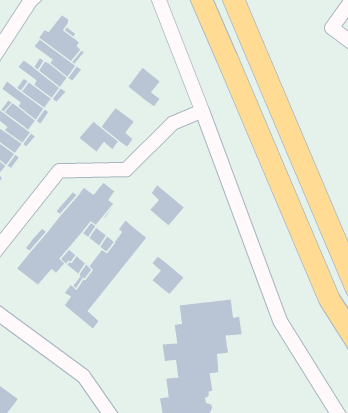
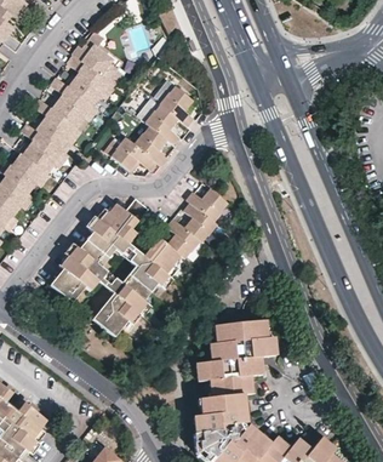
building: none -> [144,105,178,146]
building: none -> [187,190,227,222]
building: [151,256,184,295] -> [165,221,198,259]

